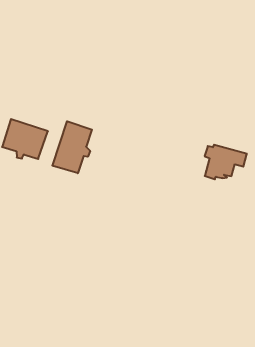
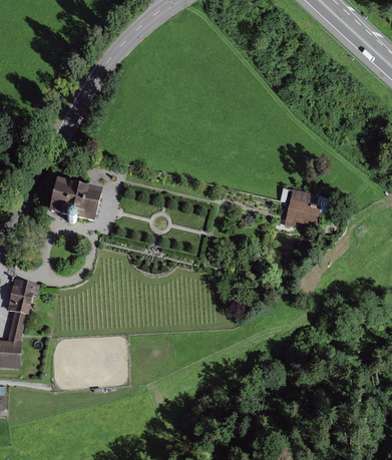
building: [52,121,92,173] -> none

